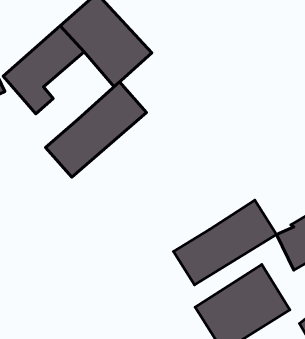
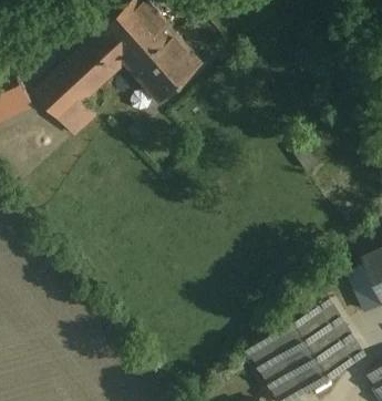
building: [46,82,146,177] -> none
building: [174,200,276,285] -> none

